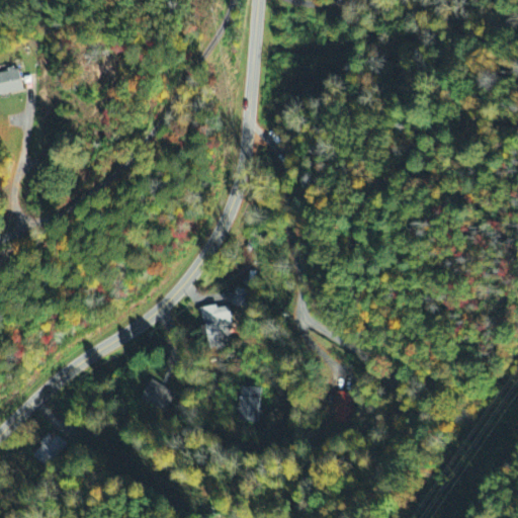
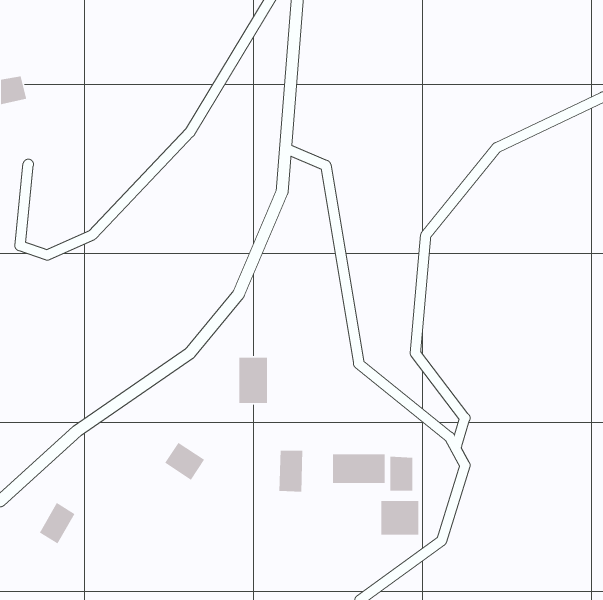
building: none -> [332,454,385,484]
building: none -> [381,500,419,536]

